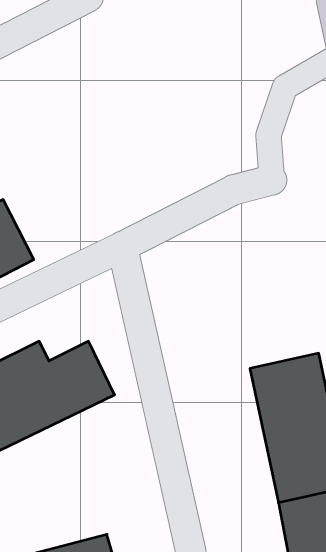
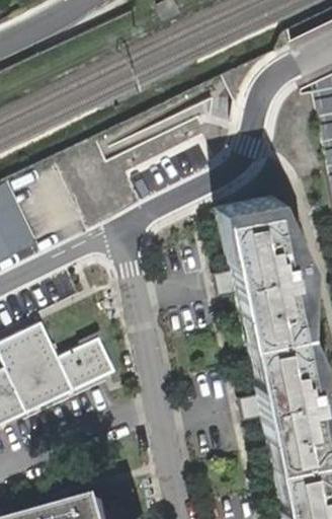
building: none -> [212,194,307,345]

